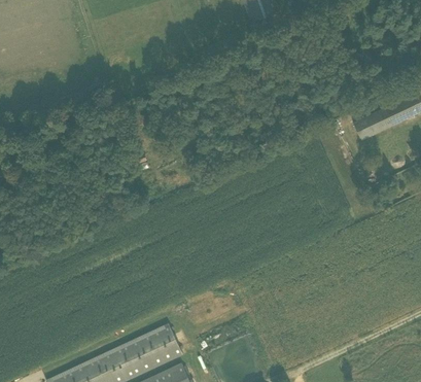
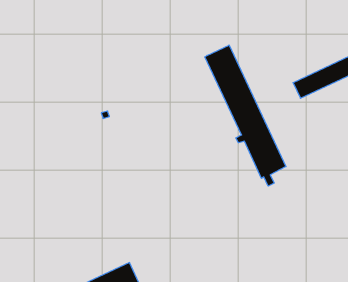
building: none -> [205,45,286,186]

